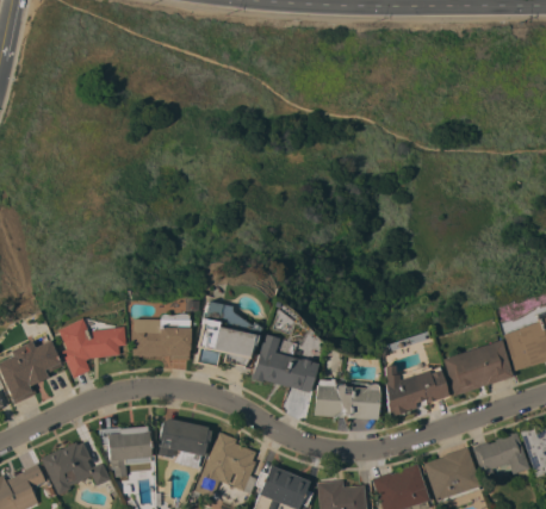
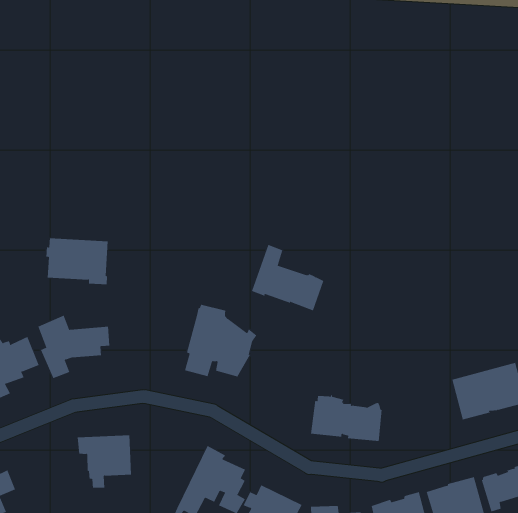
building: [131,318,190,359] -> [45,238,108,285]
building: [252,333,318,392] -> [251,244,324,311]
building: [385,365,449,416] -> none
building: [160,417,212,467] -> none
building: [42,441,112,494] -> none

